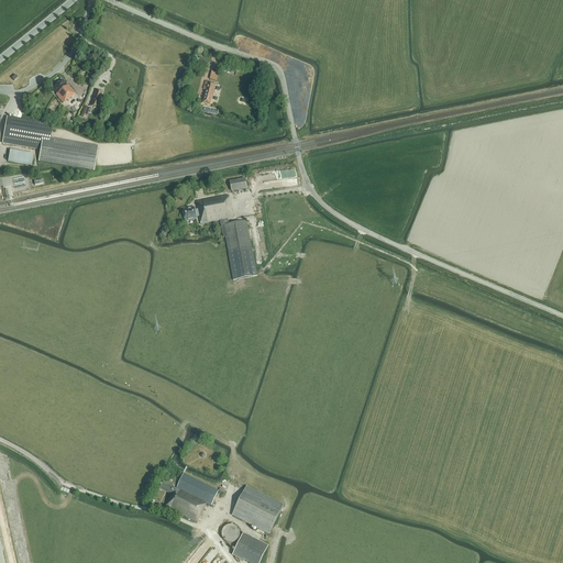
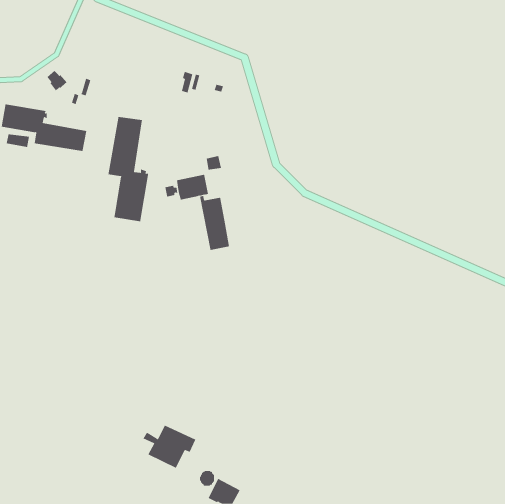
building: none -> [108,116,149,222]
building: [232,484,283,531] -> none

